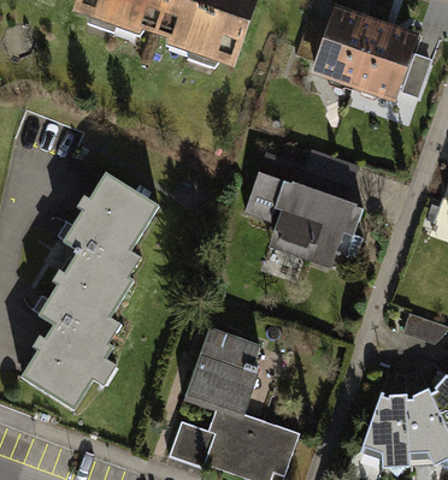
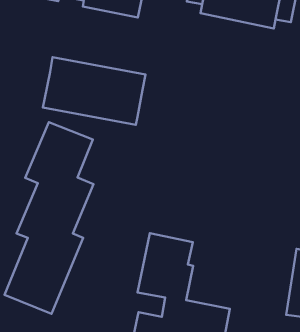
building: none -> [43,57,146,125]
building: [242,149,364,269] -> none

